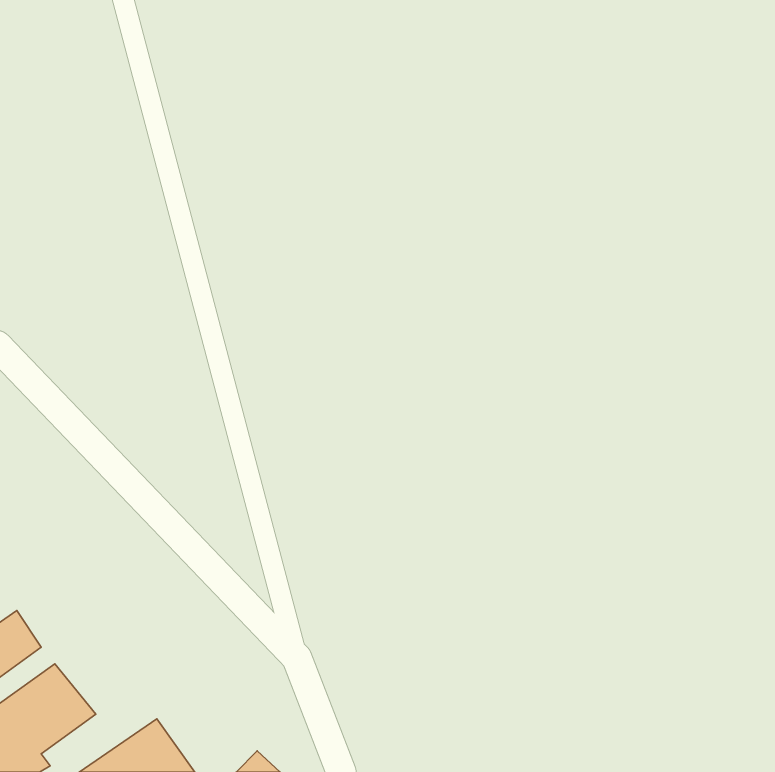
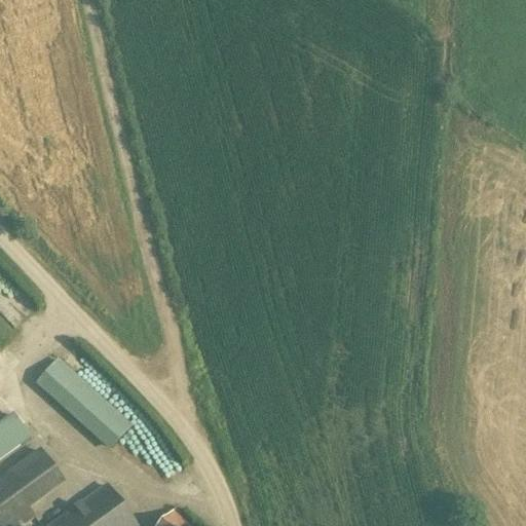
building: none -> [35,359,129,446]

